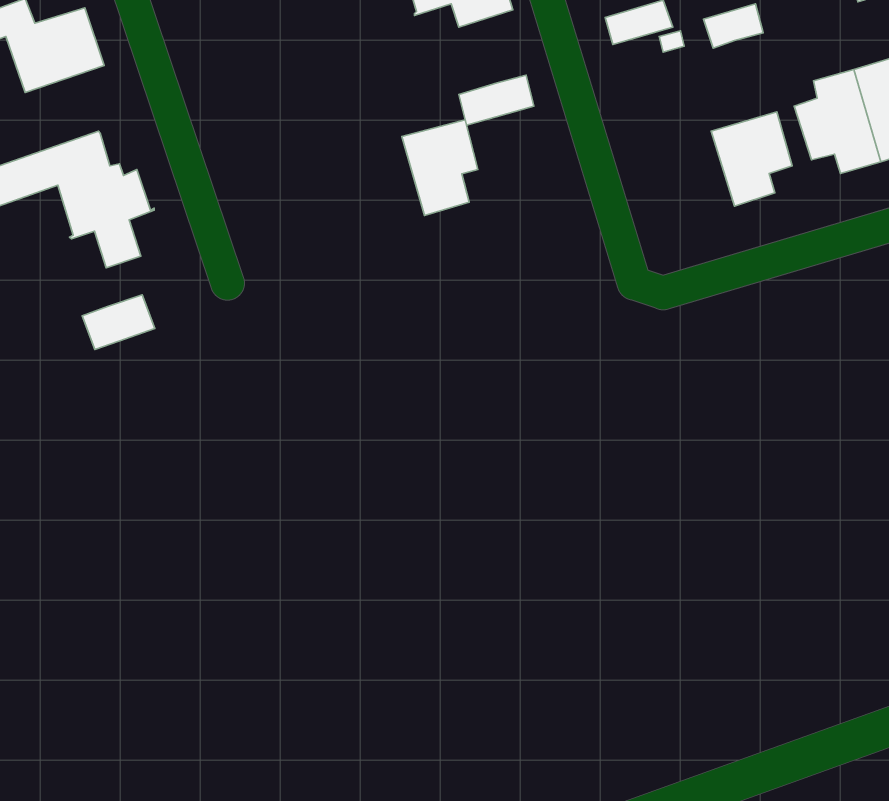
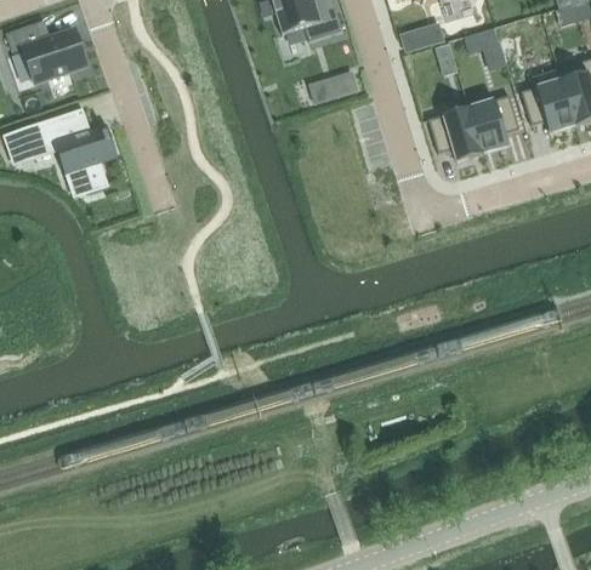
building: [402,120,478,216] -> none
building: none -> [428,107,483,161]
building: [82,295,155,349] -> none

